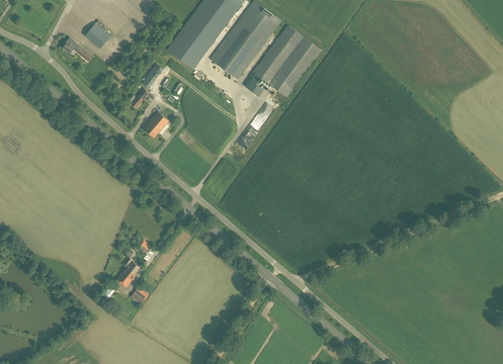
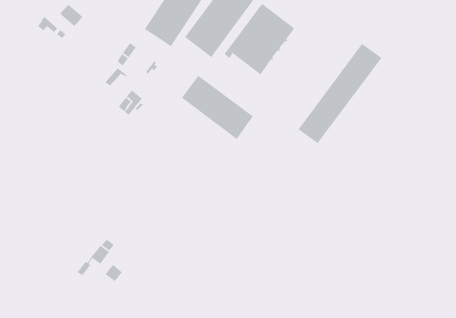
building: none -> [297,43,382,144]
building: none -> [181,75,254,140]

